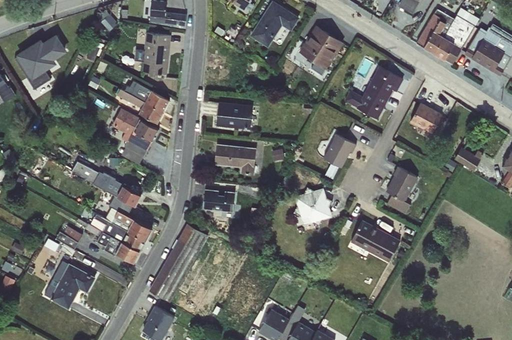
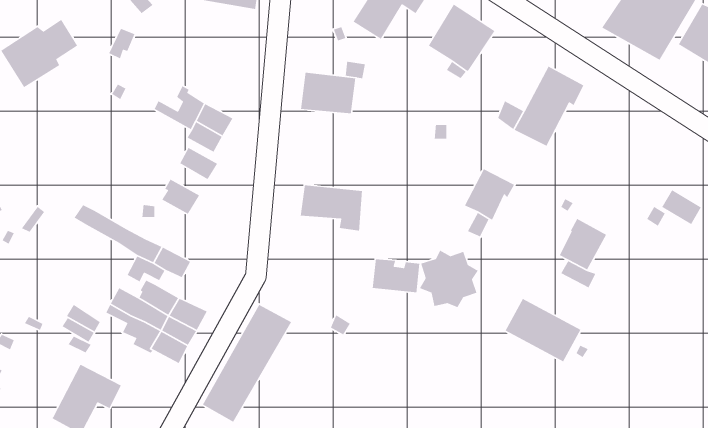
building: [141,32,170,74] -> none
building: [215,101,252,129] -> [300,72,356,114]
building: [409,102,442,133] -> none
building: [110,108,152,151] -> none
building: [202,189,234,212] -> [372,258,420,293]

